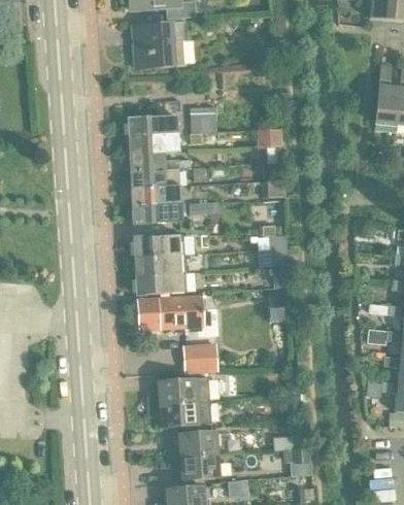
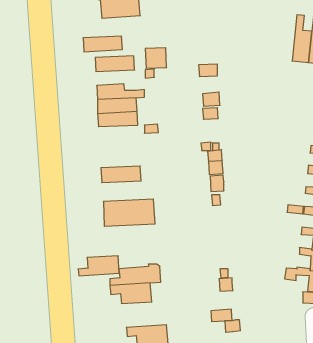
building: [129,134,178,154] -> [83,36,122,52]
building: [132,203,182,223] -> none
building: [134,235,184,257] -> none
building: [136,273,187,295] -> none
building: [184,344,216,372] -> none
building: [166,432,217,457] -> [78,256,119,276]

